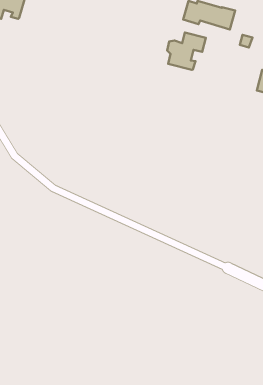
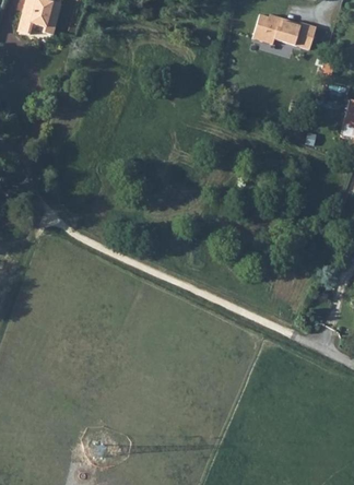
building: [167,32,206,70] -> none

